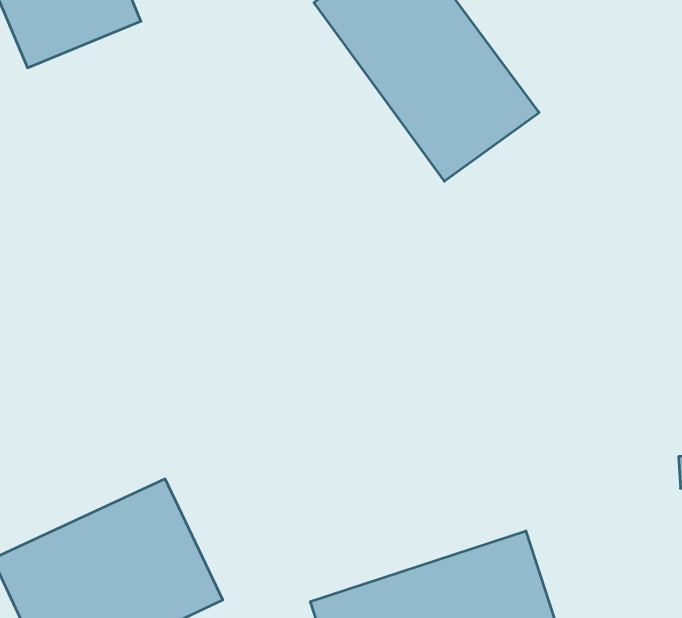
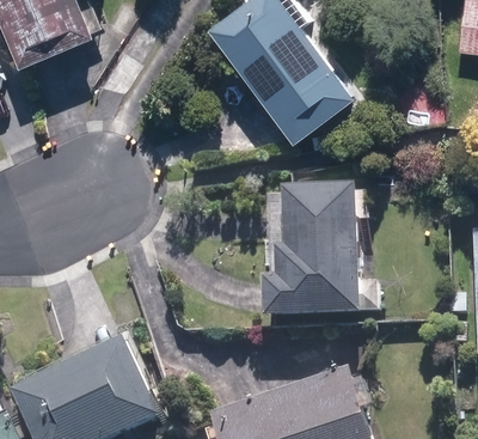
building: none -> [257,179,369,315]

